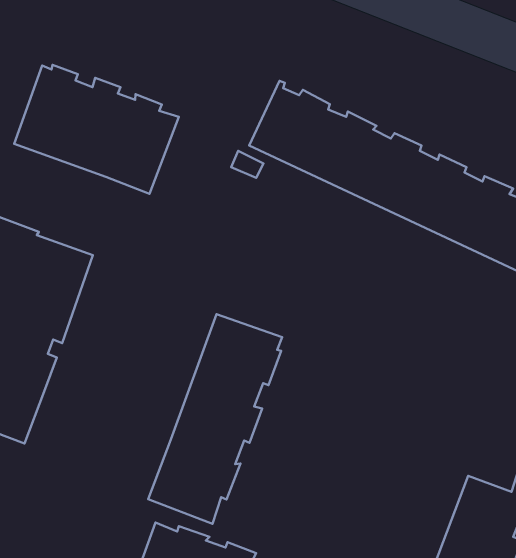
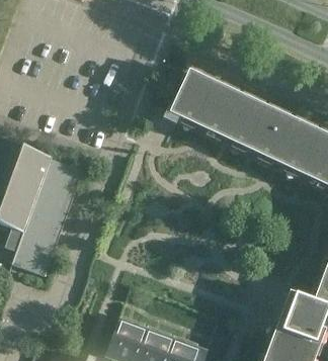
building: [14,65,179,194] -> none
building: [148,314,282,524] -> none

